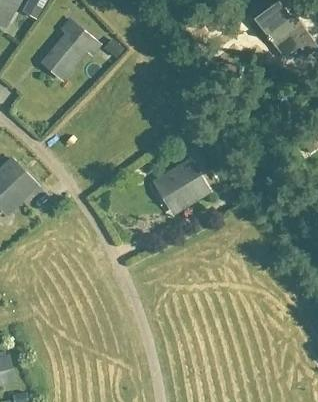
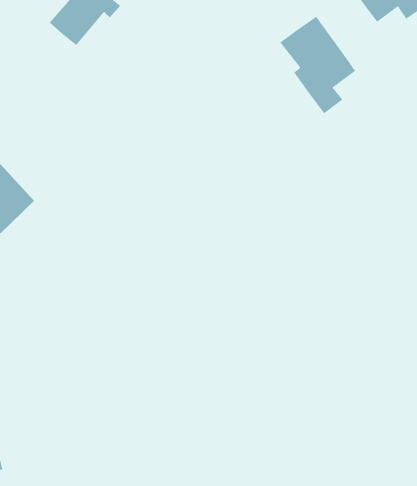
building: none -> [279,16,356,114]
building: [159,161,208,210] -> none

